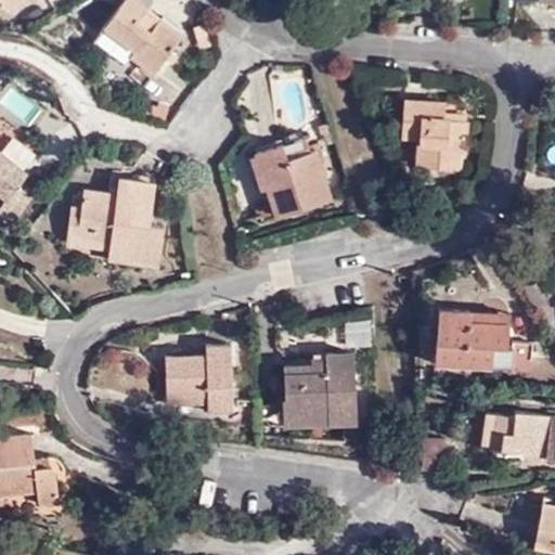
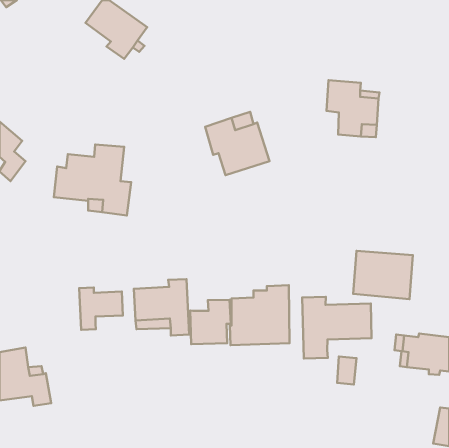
building: none -> [79,287,123,330]
building: none -> [302,297,372,358]
building: none -> [190,300,231,344]

